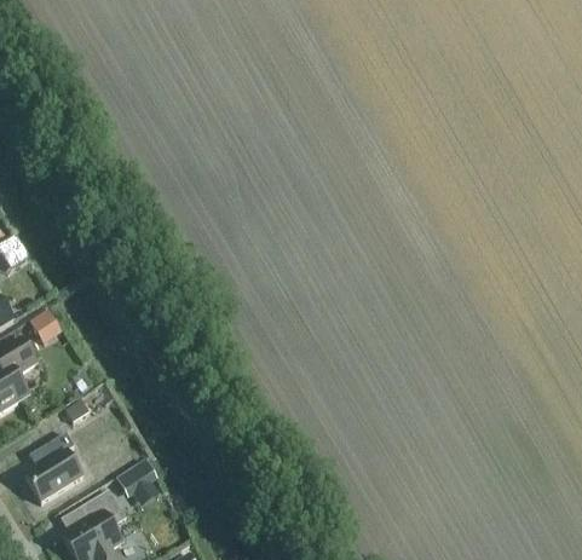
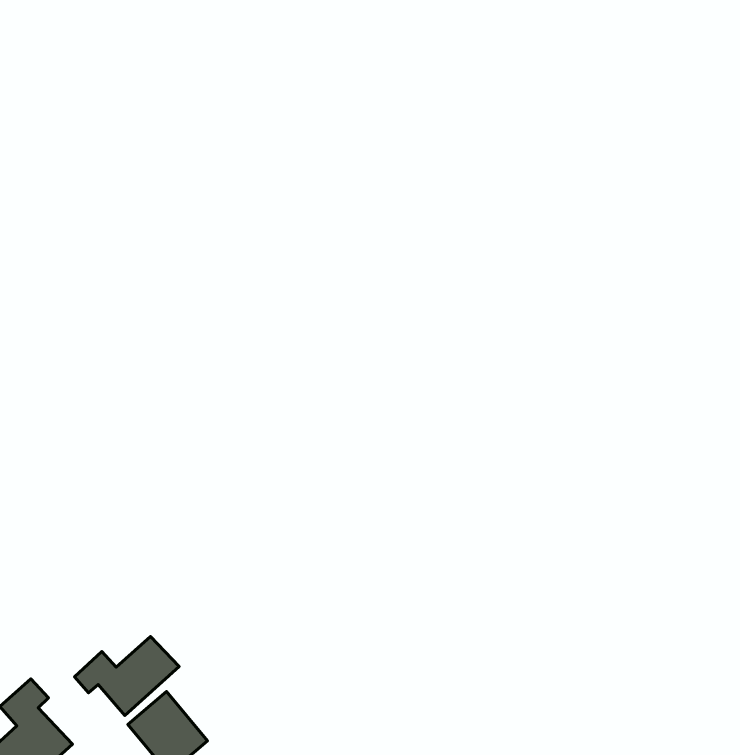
building: none -> [75,636,179,716]

